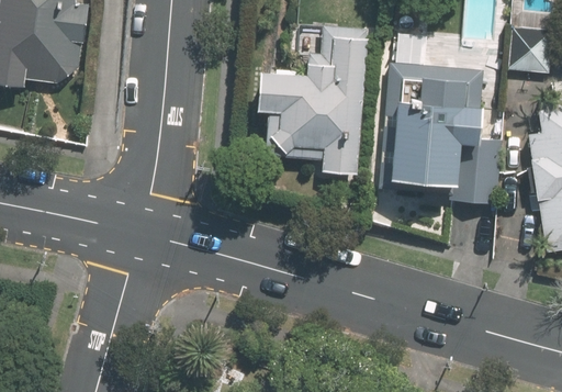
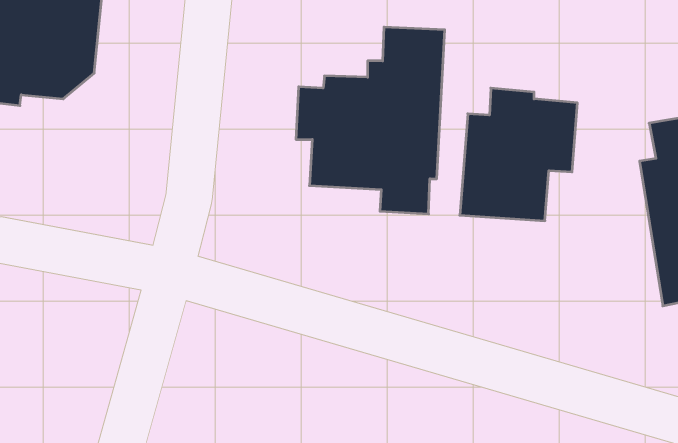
building: [512,25,553,72] -> none
building: [450,143,503,202] -> none

